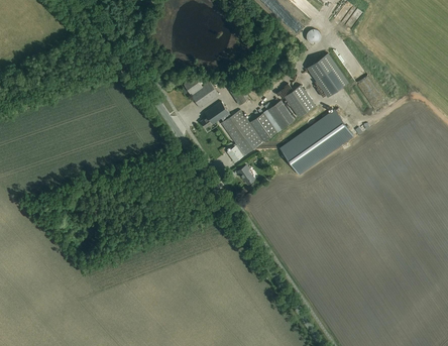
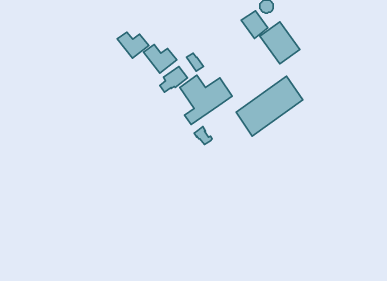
building: none -> [117,32,149,58]
building: [285,88,313,117] -> [241,11,268,38]
building: [266,101,294,130] -> none

